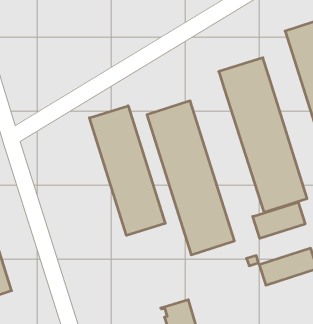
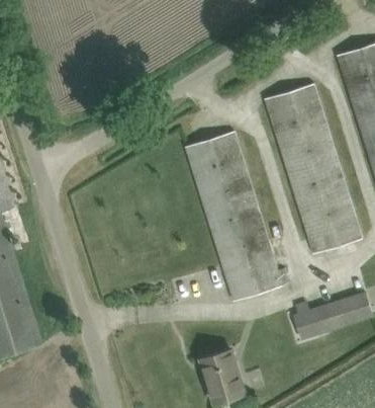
building: [89,106,165,235] -> none
building: [253,202,305,238] -> none

